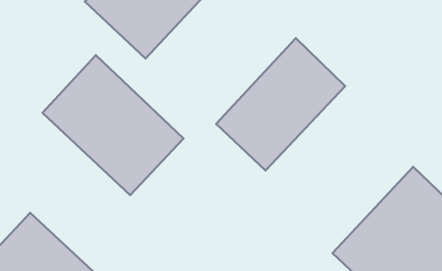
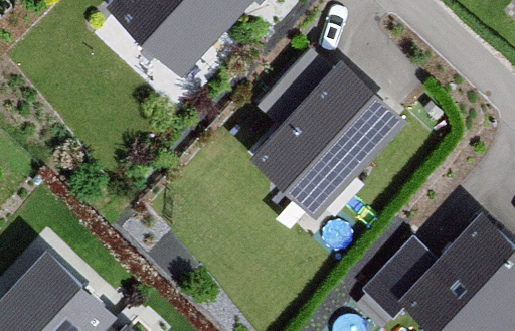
building: [43,55,183,195] -> none

